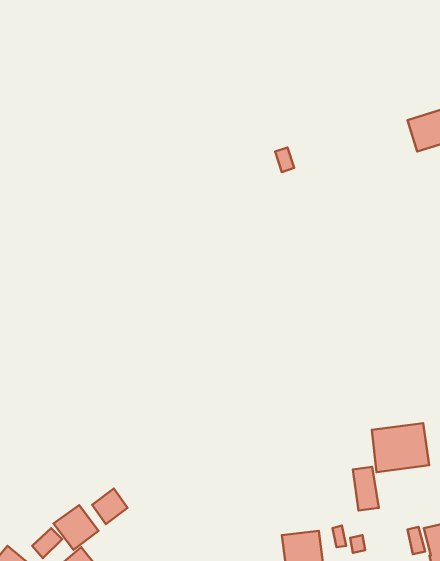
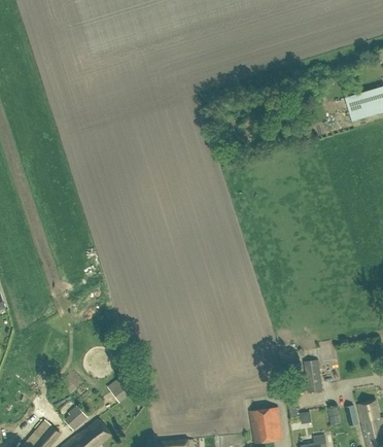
building: [372,423,429,472] -> none
building: [54,505,98,550] -> none

